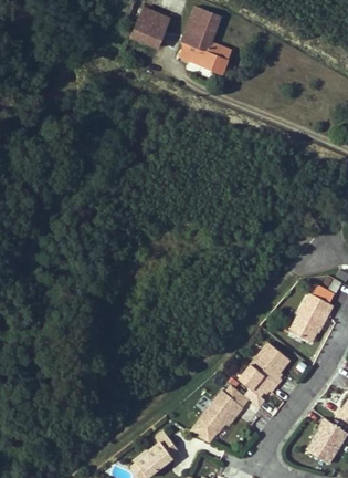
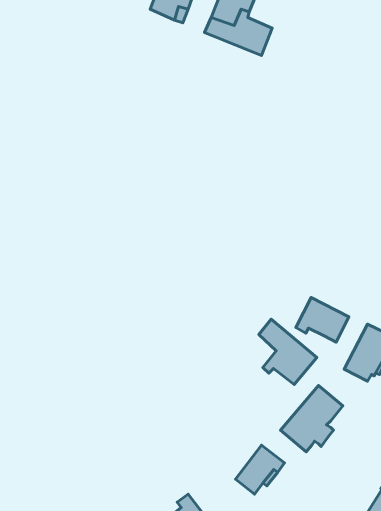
building: none -> [296,297,349,342]
building: none -> [259,319,317,384]

